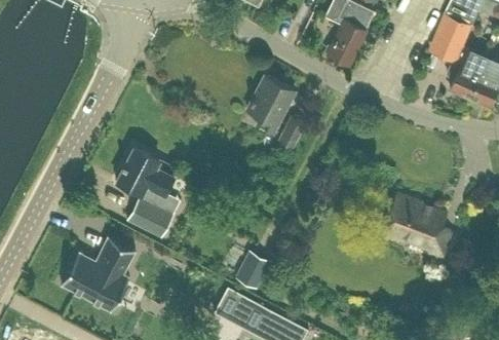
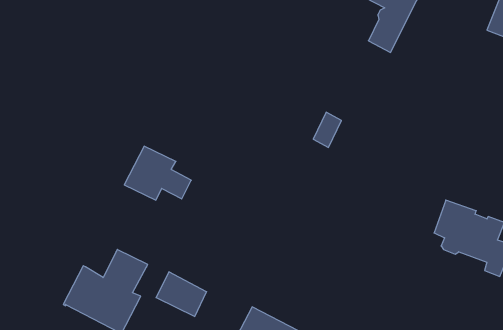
building: [247,76,296,135] -> none
building: [129,197,174,236] -> [156,272,207,316]
building: [237,253,270,290] -> none

